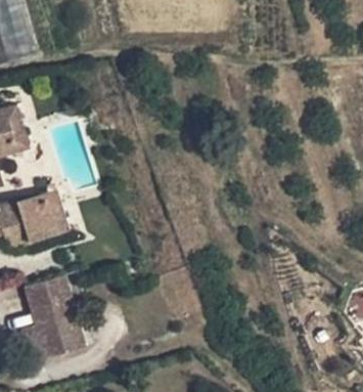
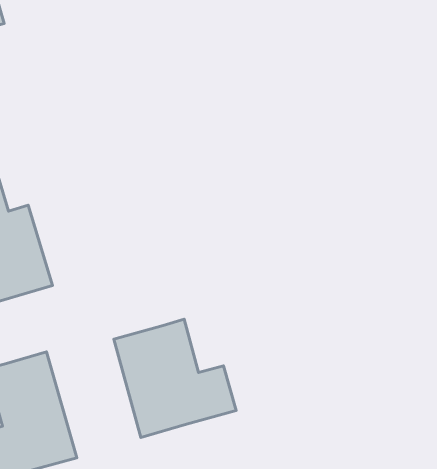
building: none -> [114,319,236,438]

